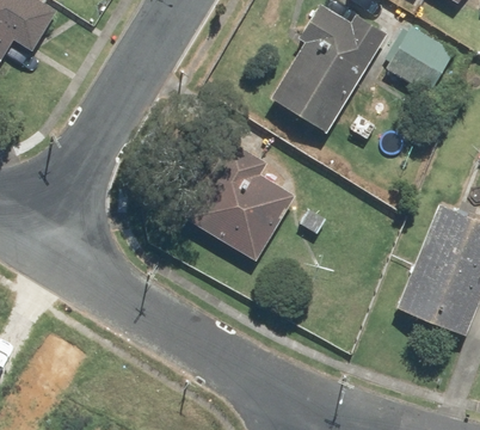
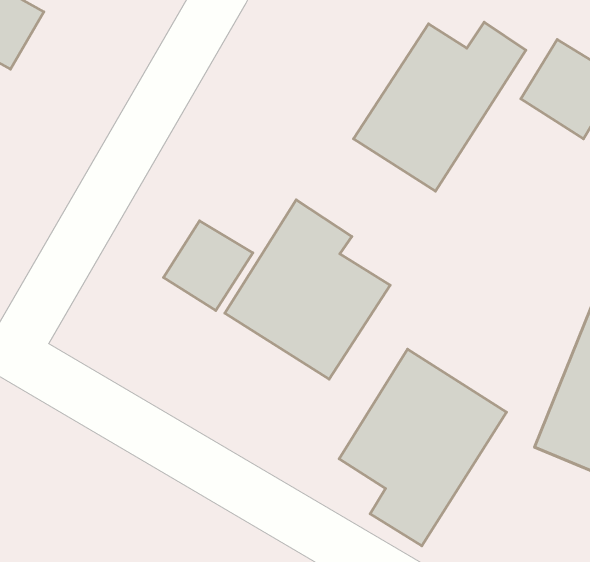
building: none -> [164,221,253,311]
building: none -> [339,349,506,546]

